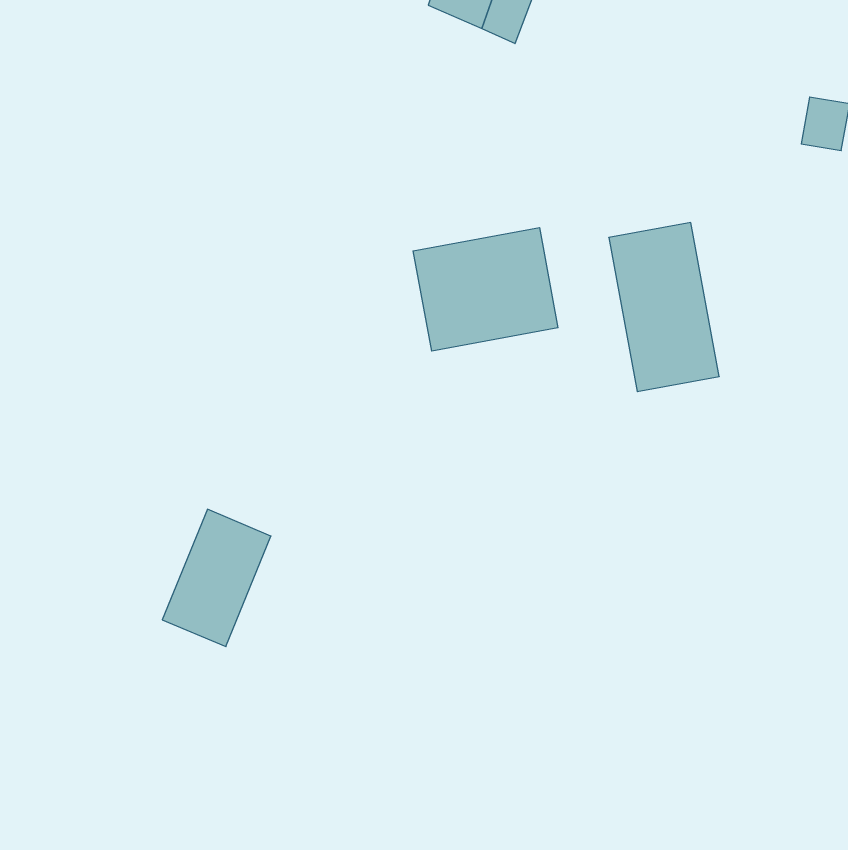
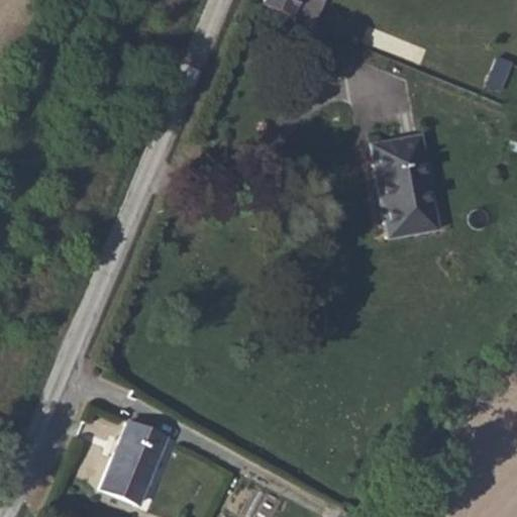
building: [413,228,558,351] -> none
building: [162,509,271,647] -> [101,420,167,503]

